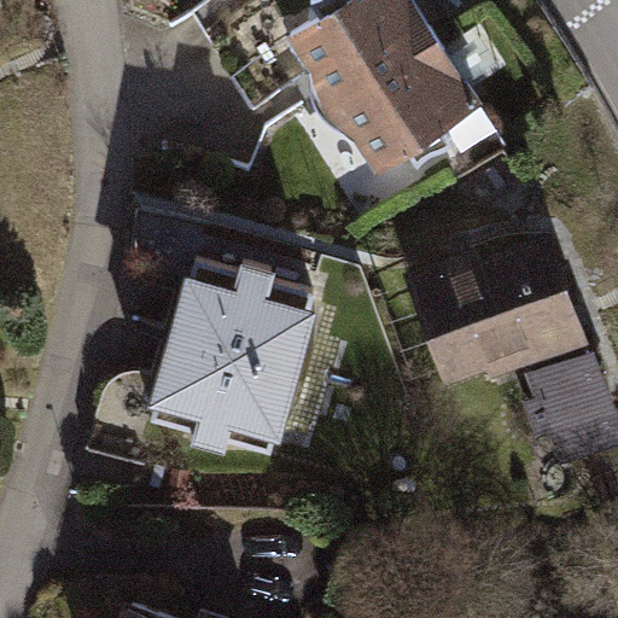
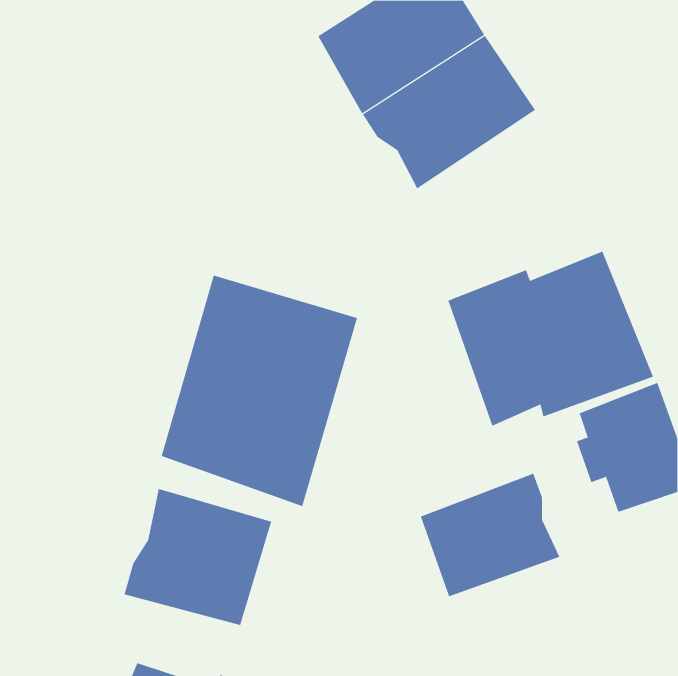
building: none -> [420,473,560,597]
building: none -> [124,488,272,626]

